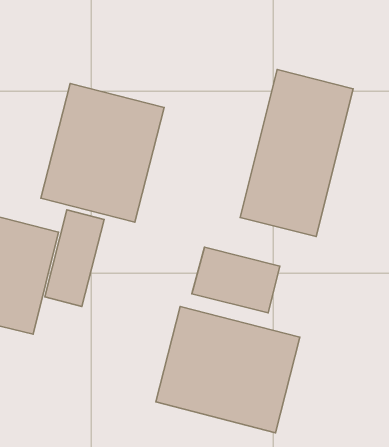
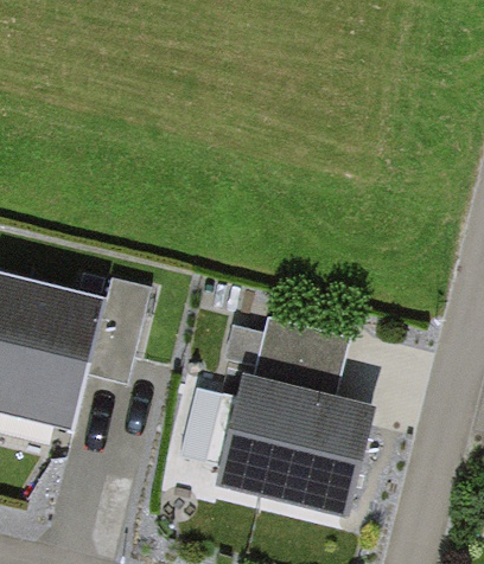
building: [240,70,353,237] -> none
building: [41,83,164,222] -> none

